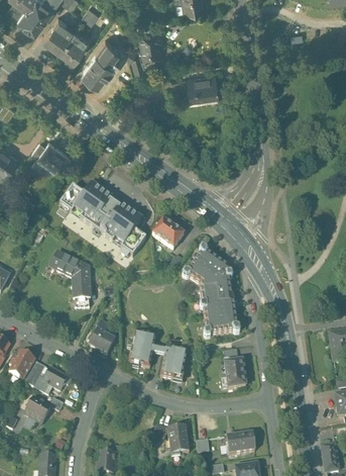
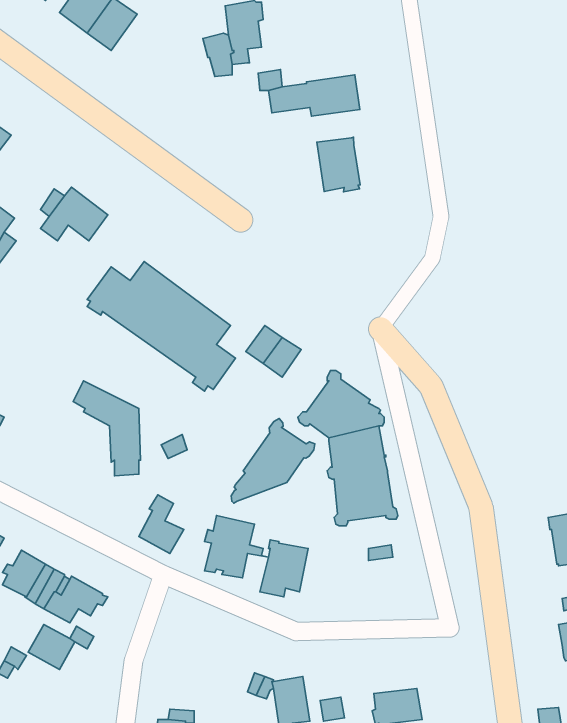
building: [83,37,118,82] -> none
building: none -> [317,137,360,192]
building: none -> [231,418,315,503]
building: [220,359,245,386] -> none

